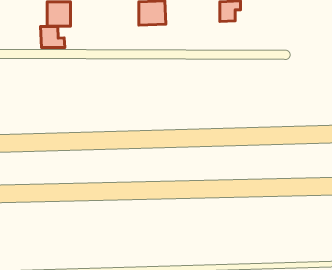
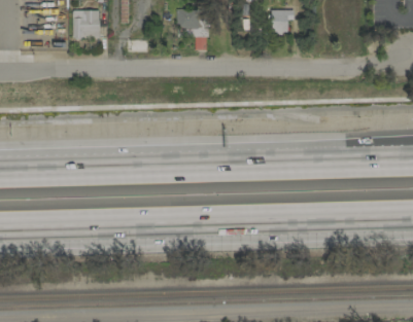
building: [41,26,65,48] -> none

